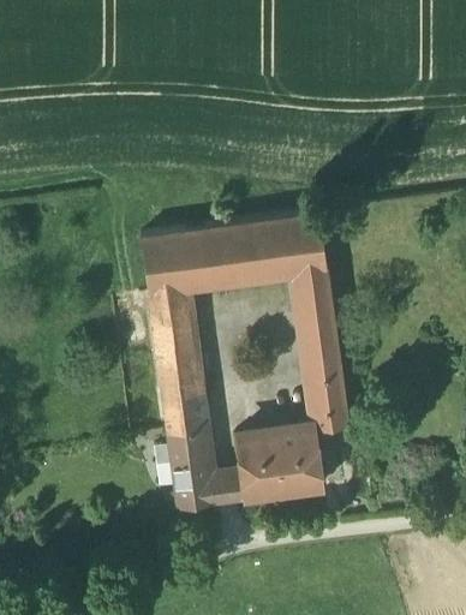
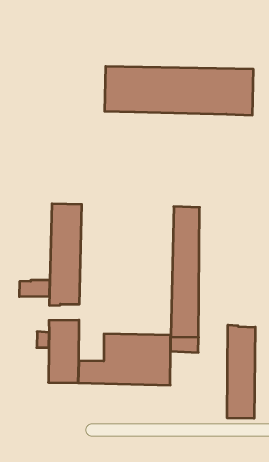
building: [142,216,327,294] -> [105,66,253,115]
building: none -> [227,325,255,418]
building: [165,410,203,435] -> [19,280,50,297]

